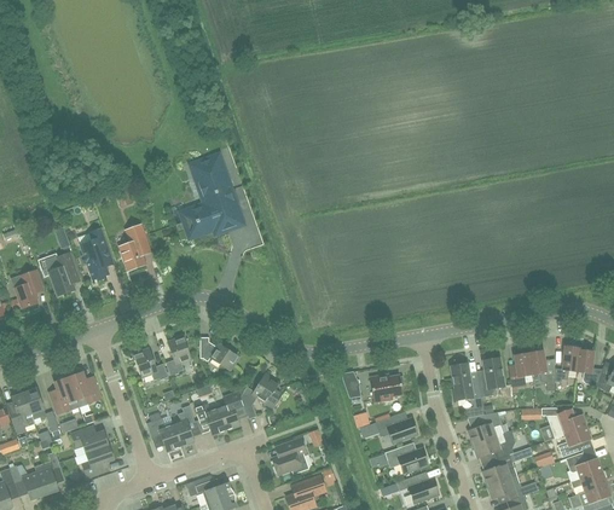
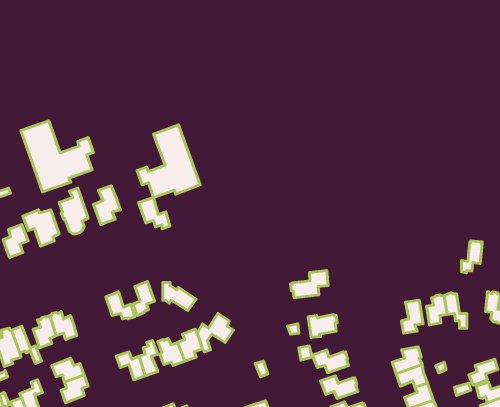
building: none -> [21,121,94,192]
building: none -> [138,197,170,229]
building: none -> [291,271,328,298]
building: [555,344,579,382] -> [461,241,482,273]
building: [451,364,481,400] -> none
building: [546,407,587,439] -> none
building: [272,437,308,474] -> none

